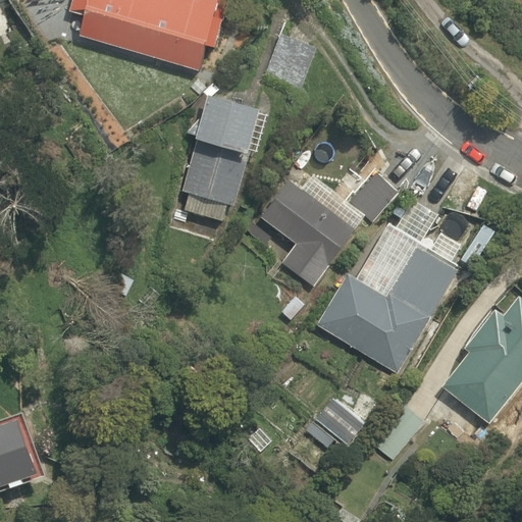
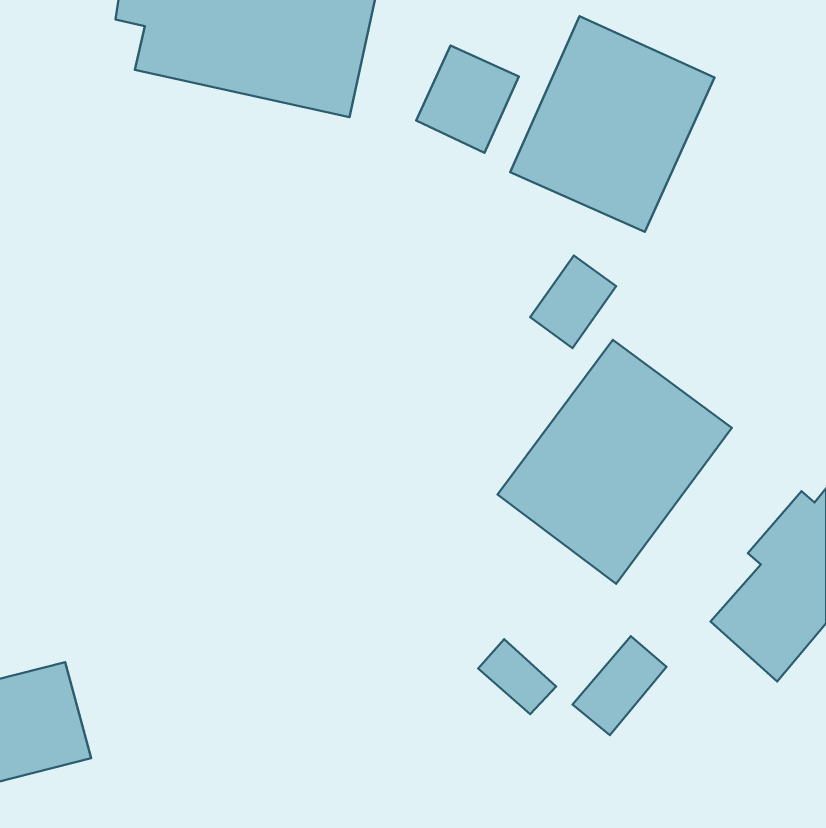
building: none -> [510,16,715,232]
building: [180,92,277,222] -> none
building: [252,174,357,285] -> none

